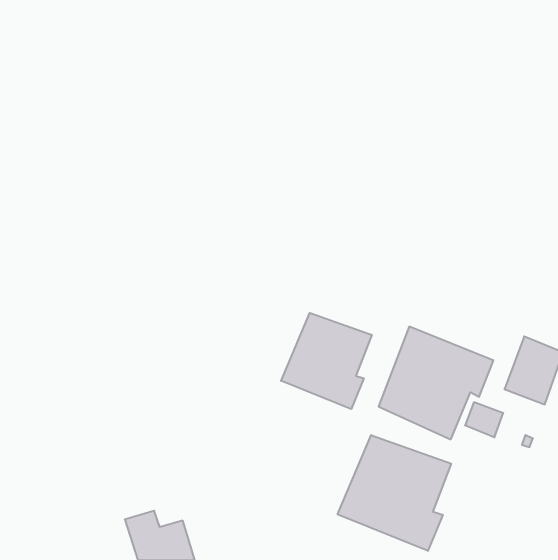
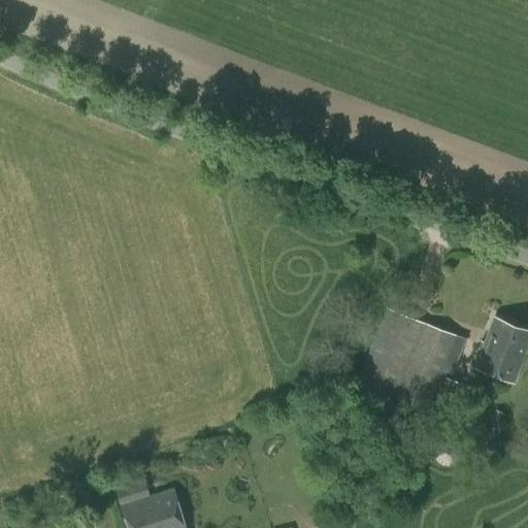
building: [281,313,372,409] -> none
building: [338,435,451,551] -> none

